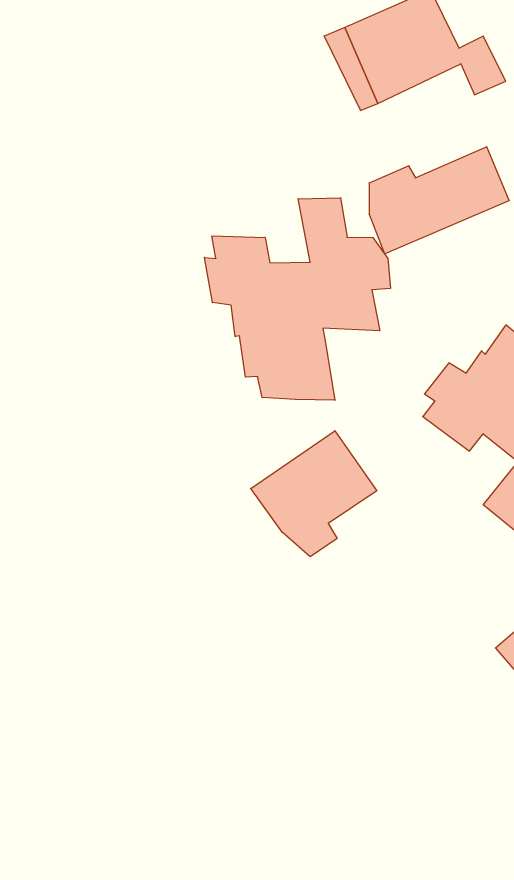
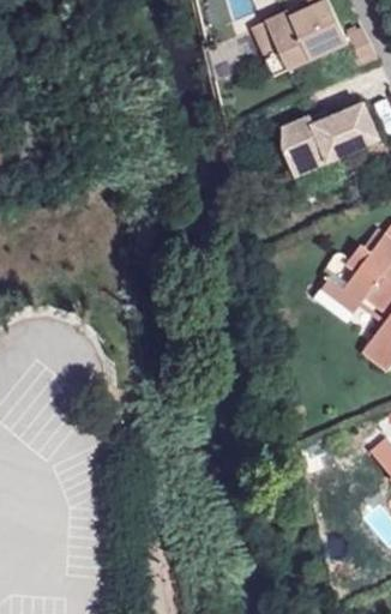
building: [204,198,390,400] -> none
building: [251,431,377,557] -> none

